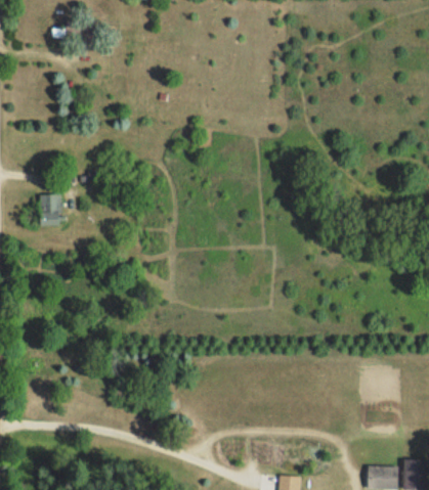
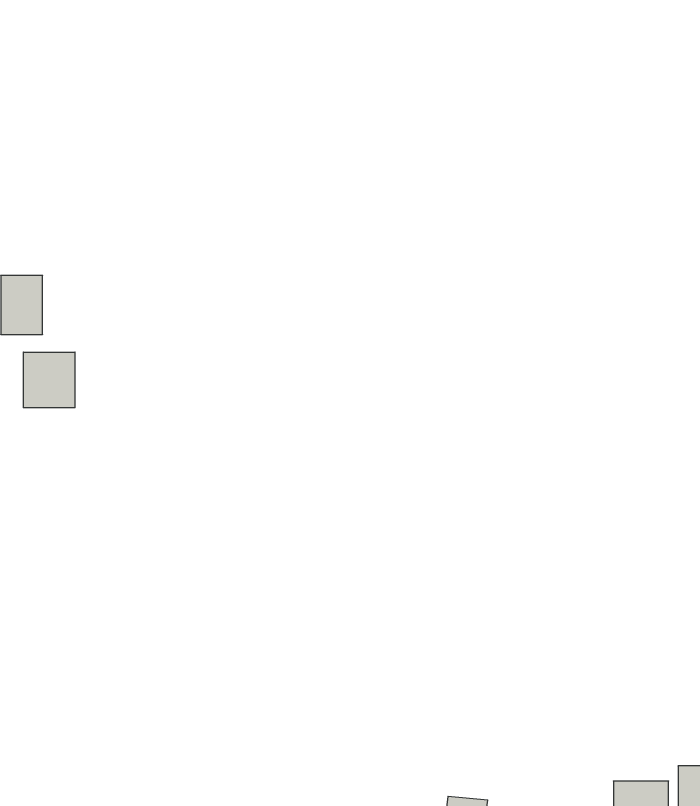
building: none -> [23,352,75,408]

